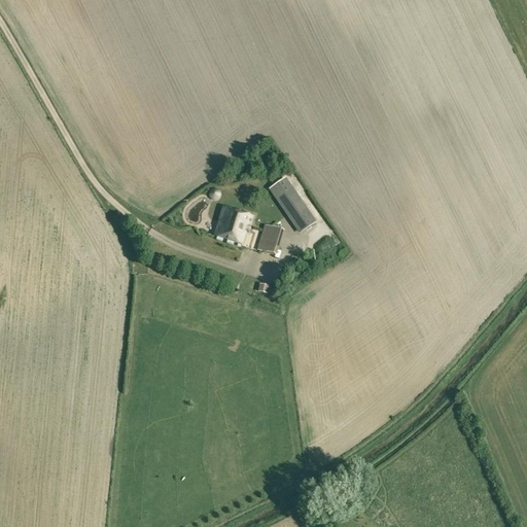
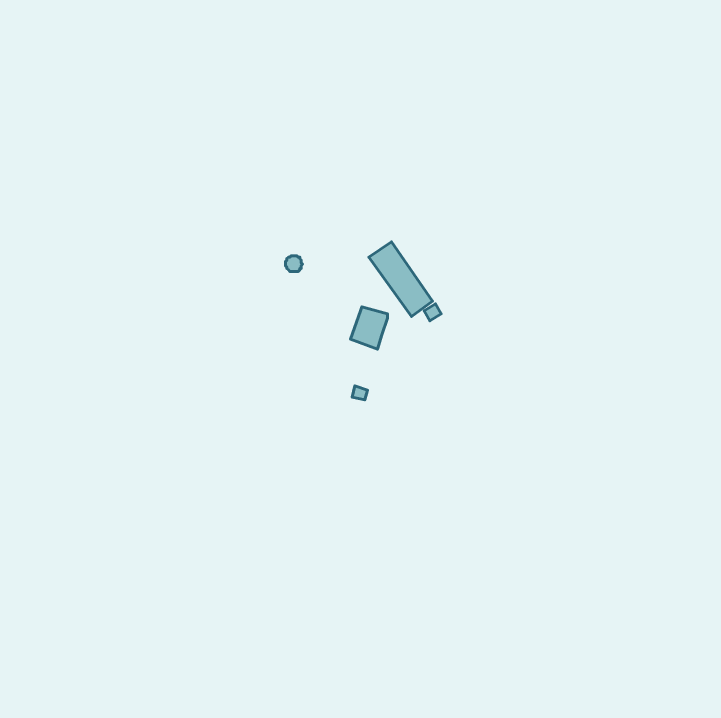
building: [213,203,251,242] -> none

